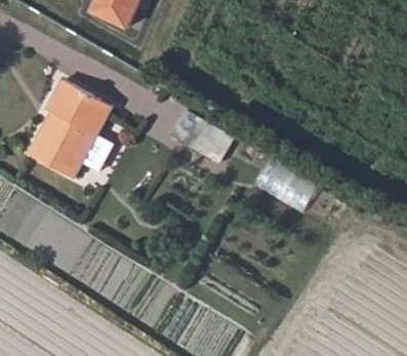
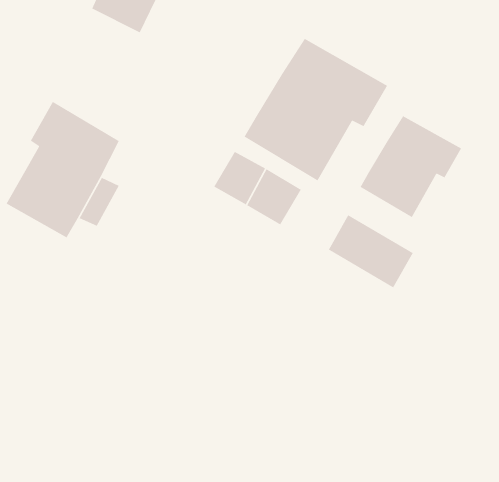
building: none -> [244,38,388,181]
building: none -> [360,115,462,218]

